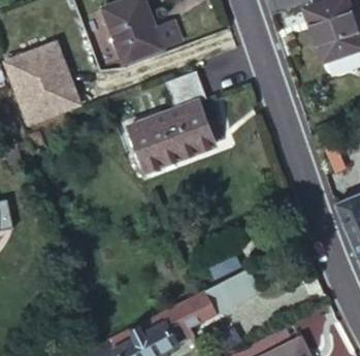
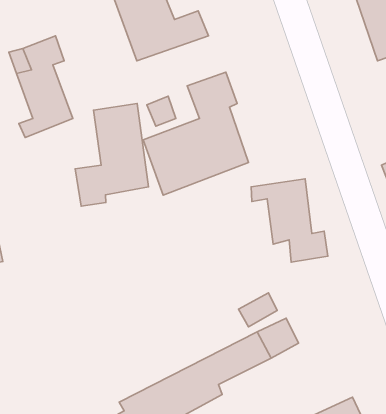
building: none -> [75,104,149,206]
building: none -> [251,179,328,262]

